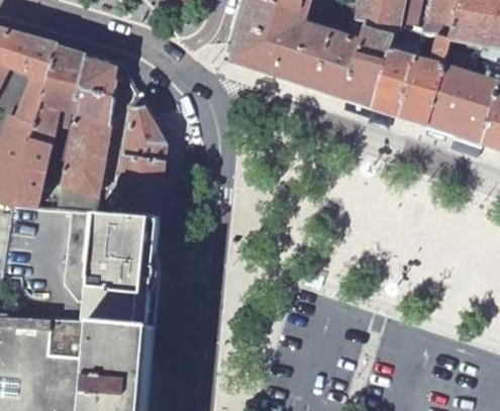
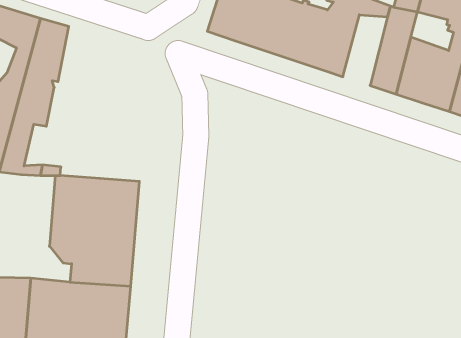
building: [371,42,417,116] -> none
building: [60,55,128,197] -> none
building: [117,94,166,216] -> none

